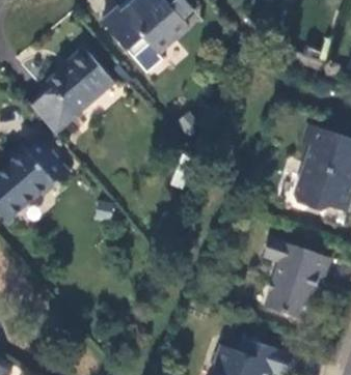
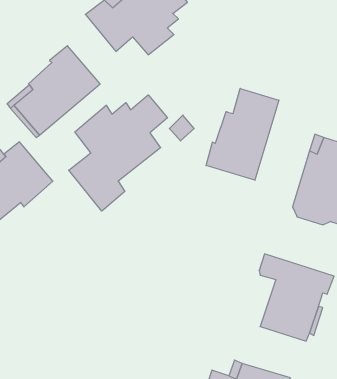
building: none -> [206,88,279,180]
building: none -> [69,95,167,211]

